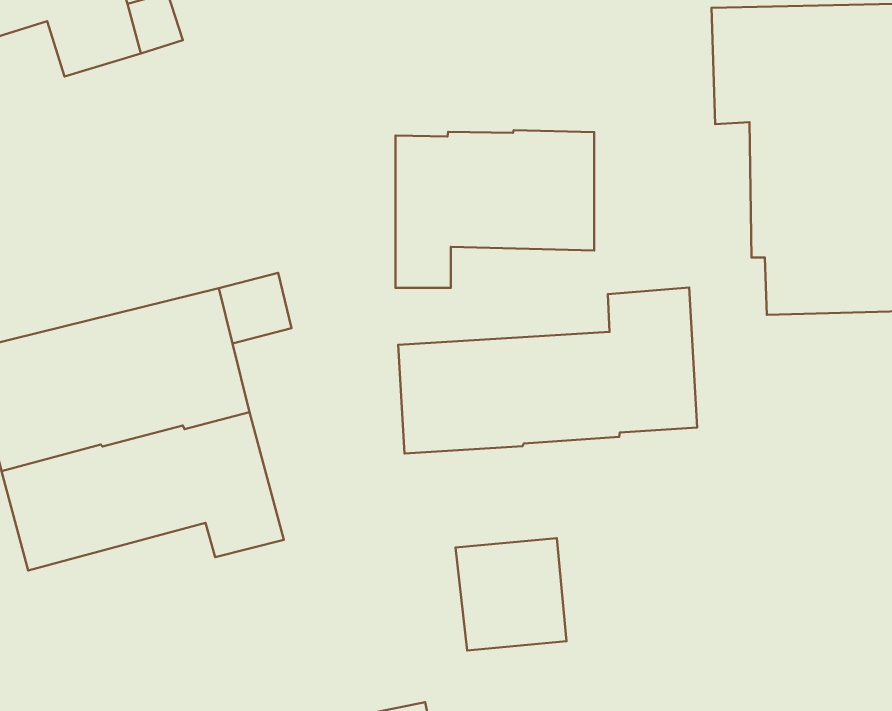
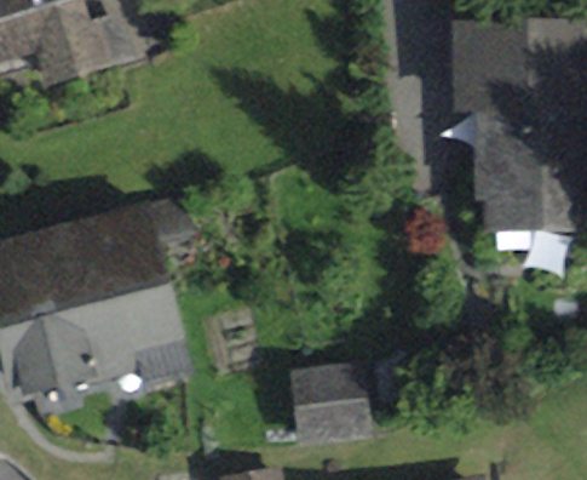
building: [395,130,594,288] -> none
building: [398,288,697,453] -> none

